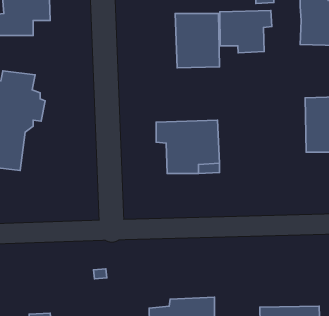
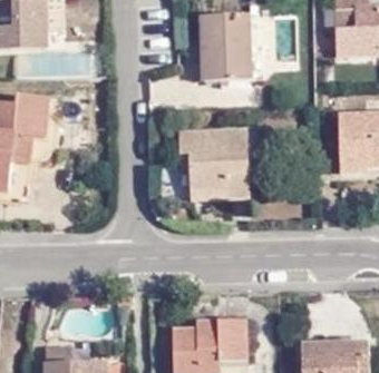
building: [220,11,272,53] -> none

